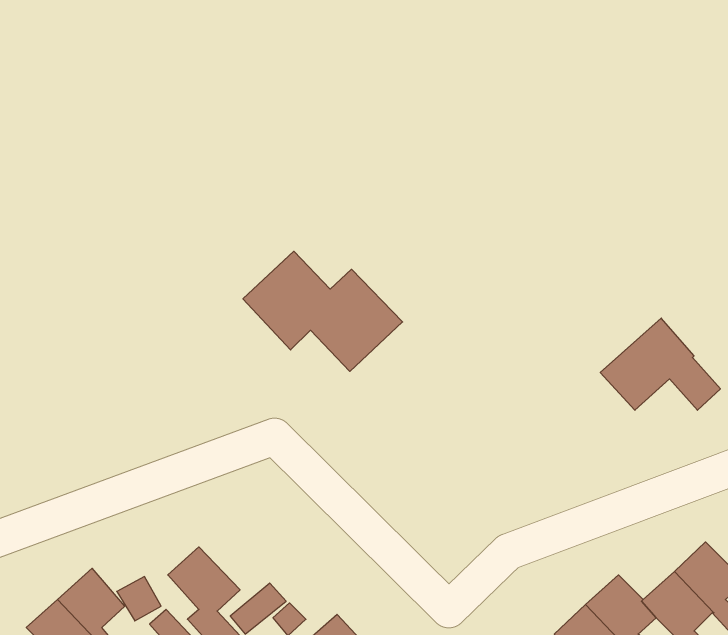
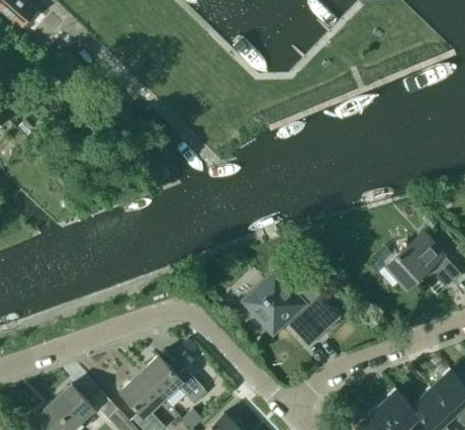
building: [243,251,403,371] -> [244,275,342,349]
building: none -> [140,356,205,403]

